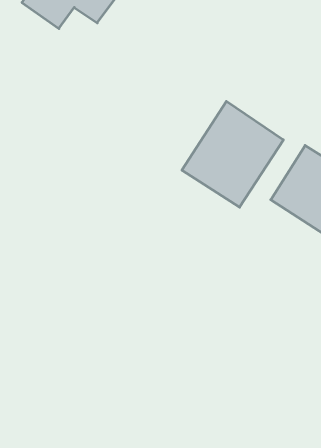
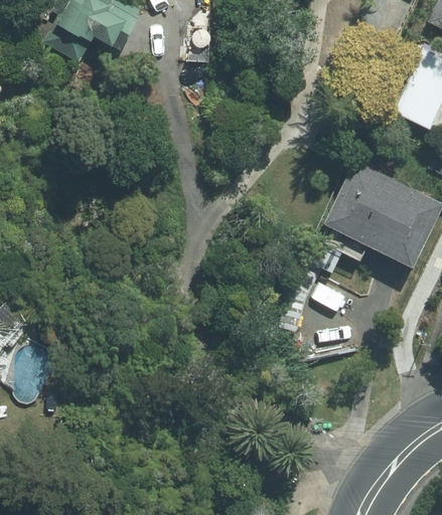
building: [182,101,283,207] -> none

